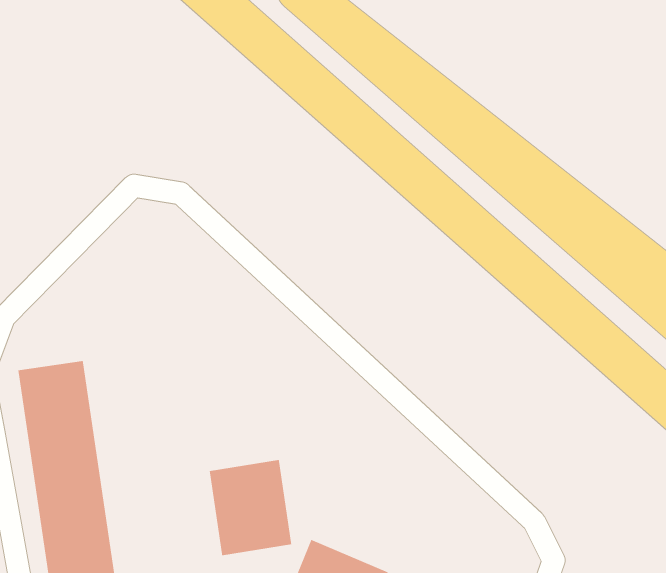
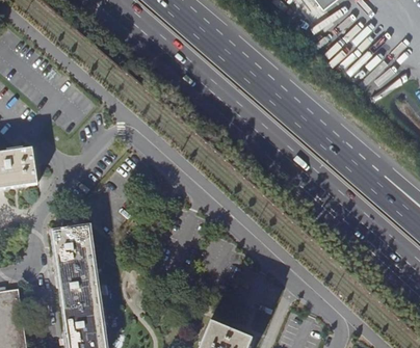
building: [209,459,292,556] -> none

